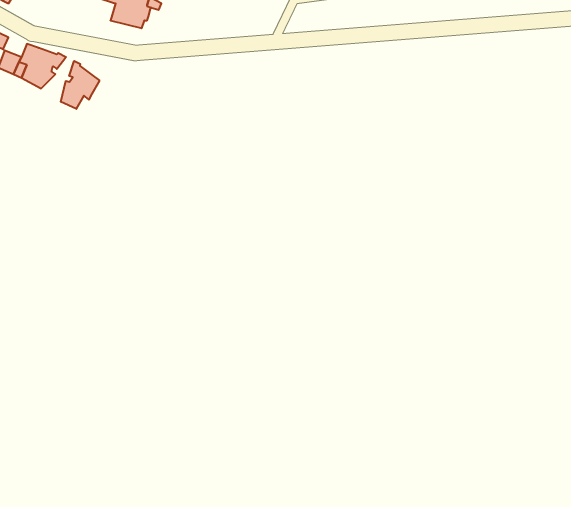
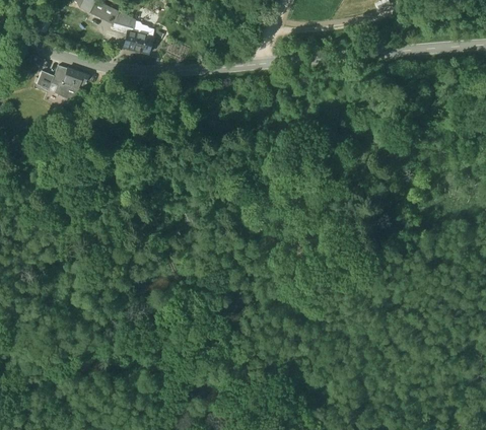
building: [61,61,99,109] -> none

